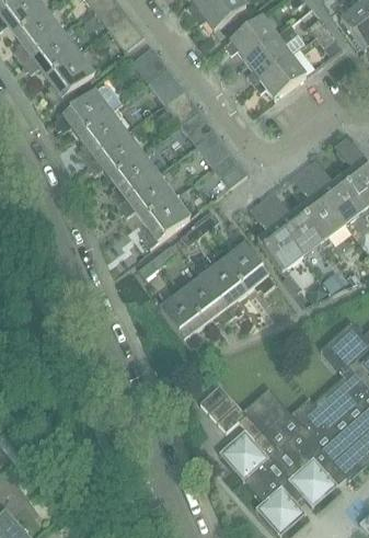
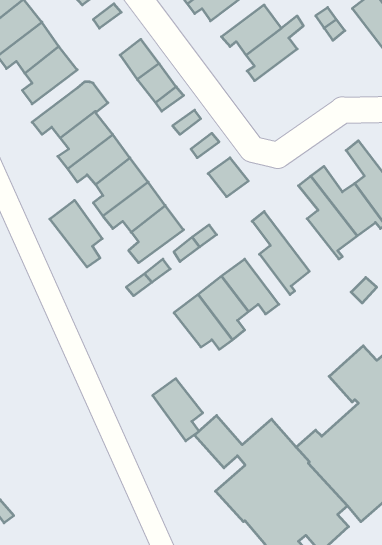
building: [253,54,305,98] -> none
building: none -> [50,200,102,267]
building: [262,191,328,253] -> none
building: [160,290,205,346] -> [153,379,203,441]

